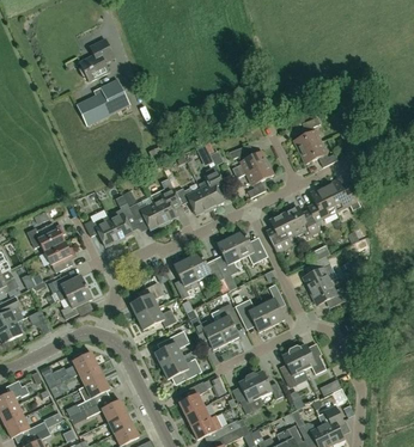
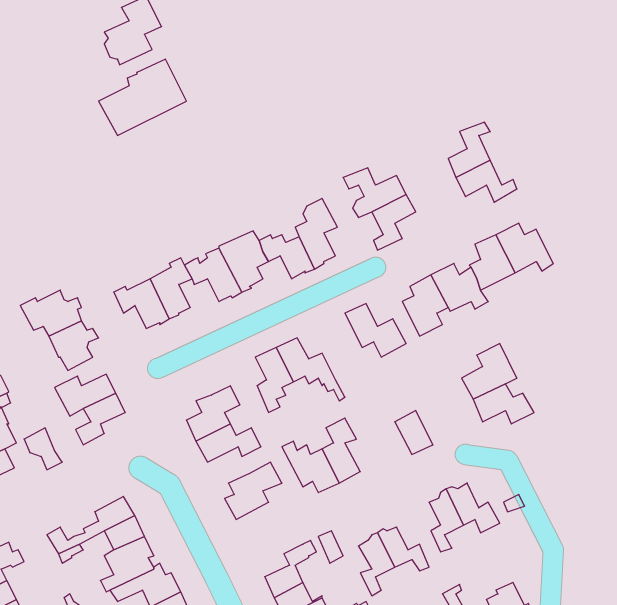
building: [215,237,241,278] -> none
building: [235,299,272,332] -> none
building: [162,355,202,385] -> none

